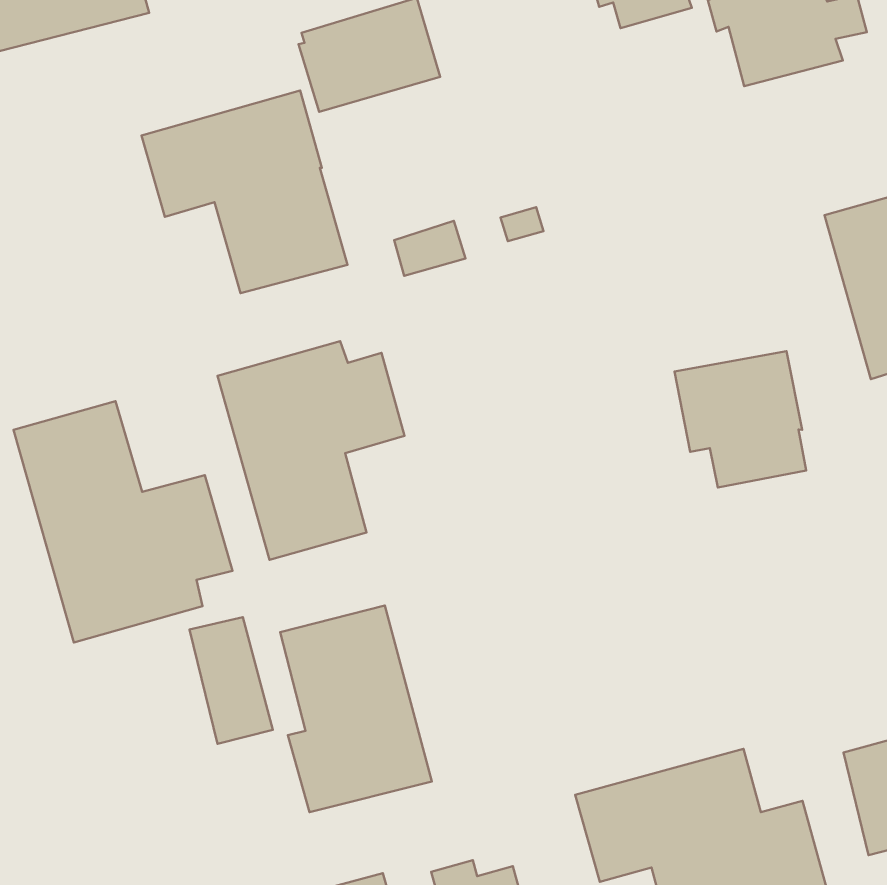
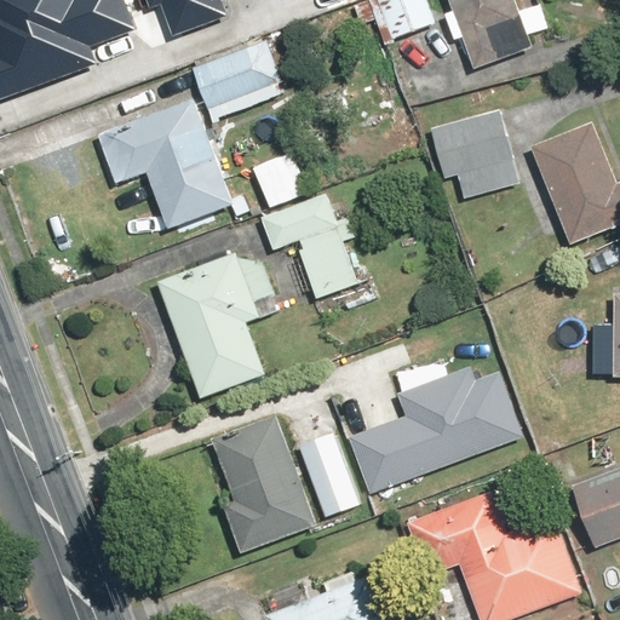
building: none -> [260,194,357,300]
building: [675,351,806,487] -> [429,110,517,200]
building: [14,401,232,642] -> none
building: none -> [345,367,522,494]
building: [190,617,273,744] -> [300,436,358,517]

